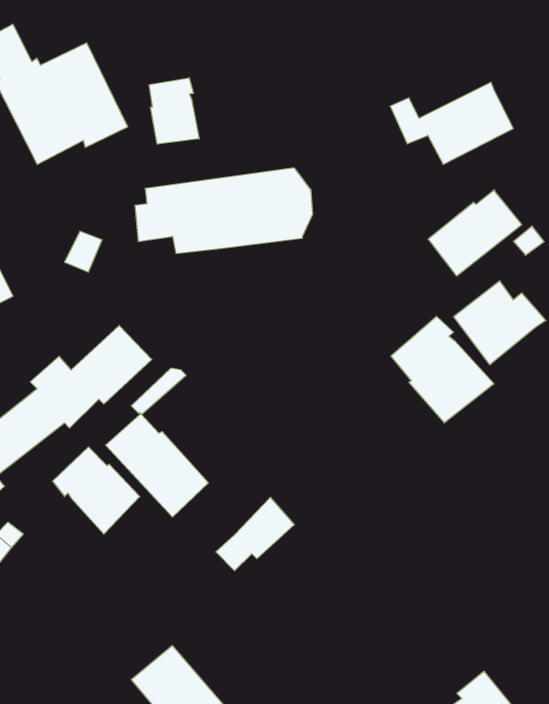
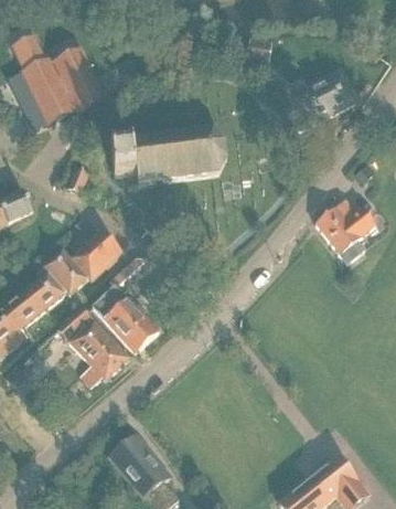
building: [149,78,199,144] -> none
building: [428,190,522,276] -> none
building: [391,316,494,423] -> none
building: [216,497,295,571] -> [79,339,130,386]

